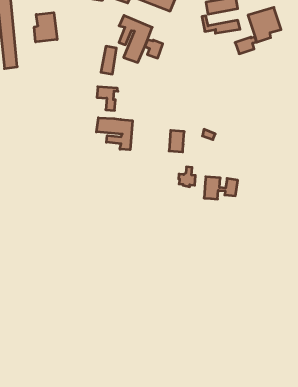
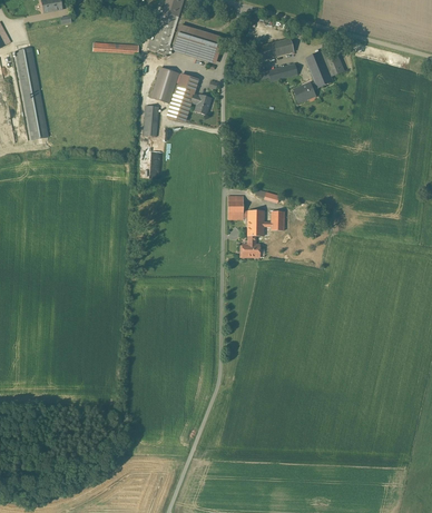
building: [34,13,57,42] -> none
building: [96,118,132,150] -> none
building: [204,177,238,199] -> [247,210,284,235]

